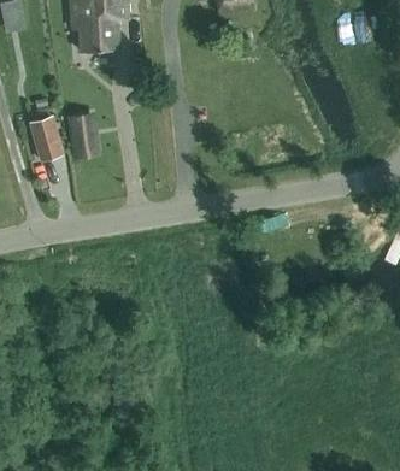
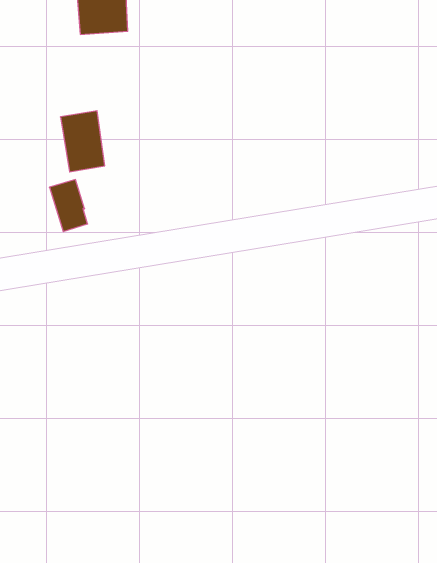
building: [30,118,60,159] -> [49,180,88,232]

